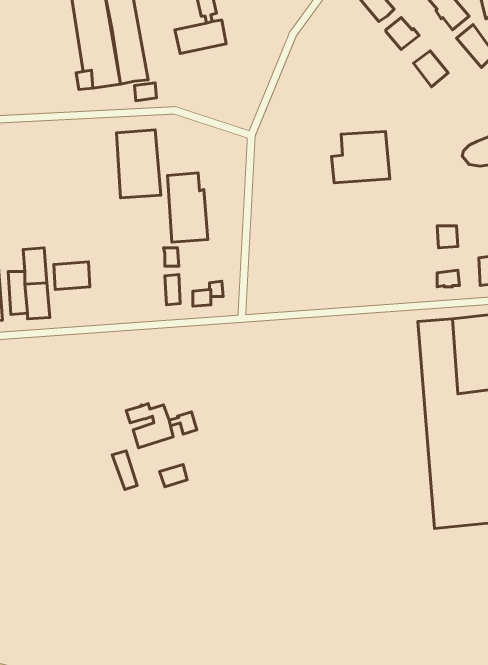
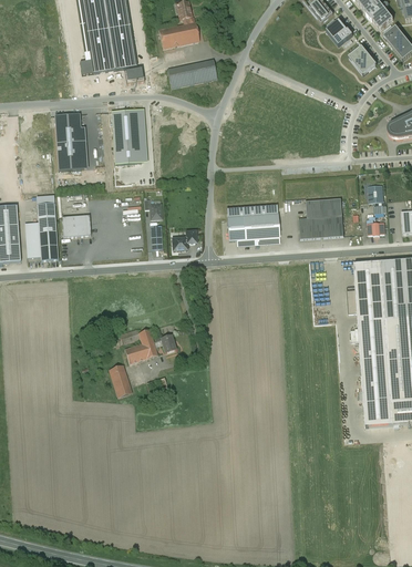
building: none -> [167,60,217,86]
building: [331,132,390,183] -> [298,197,344,238]
building: [168,173,208,242] -> [55,113,87,168]
building: none -> [227,204,279,245]

